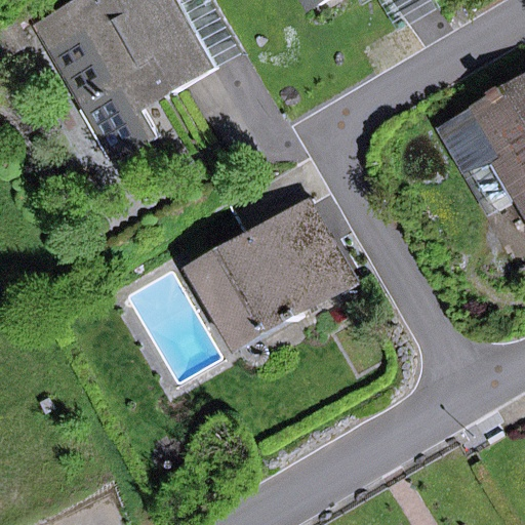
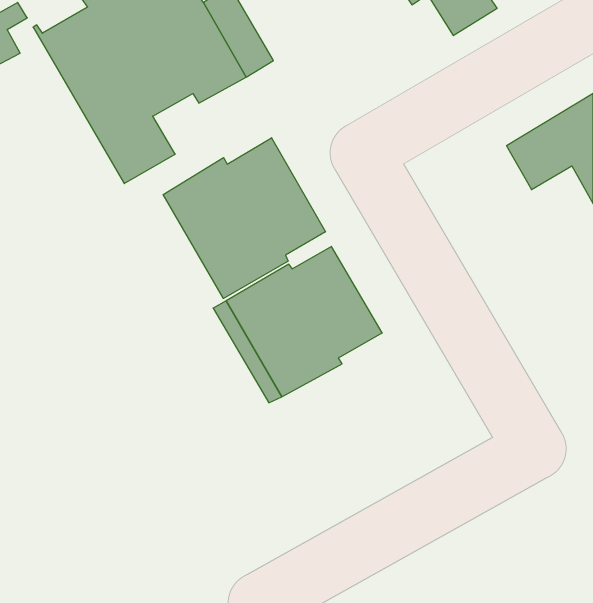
building: none -> [163,138,325,298]

